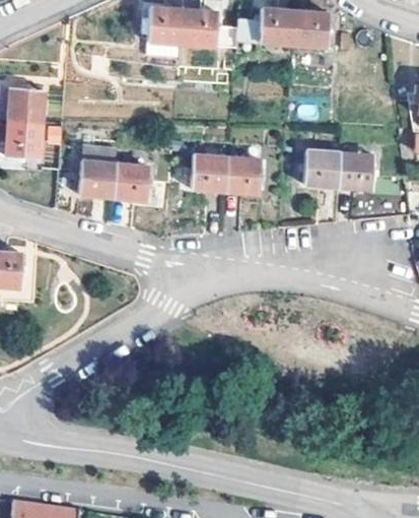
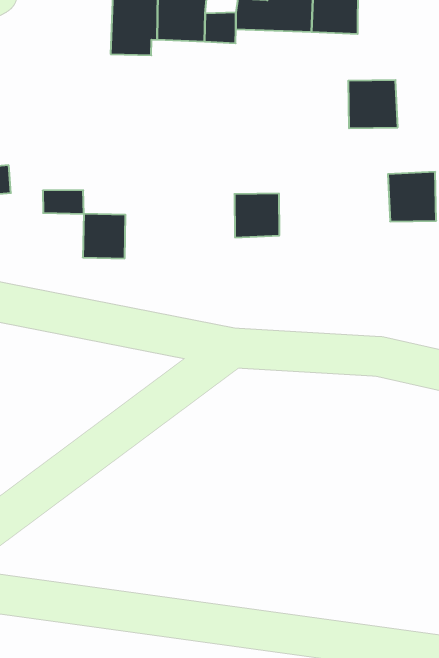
building: [303,150,340,187] -> [348,80,398,128]
building: [192,156,227,190] -> none
building: [78,161,117,196] -> none

